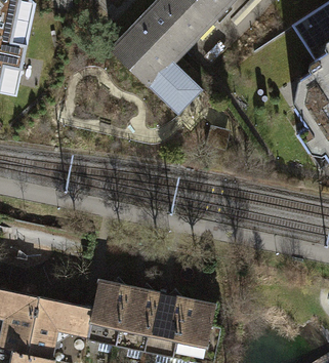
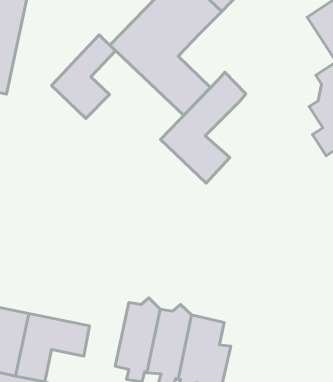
building: none -> [51,35,116,118]
building: none -> [160,72,246,183]
building: [86,275,128,353] -> none

